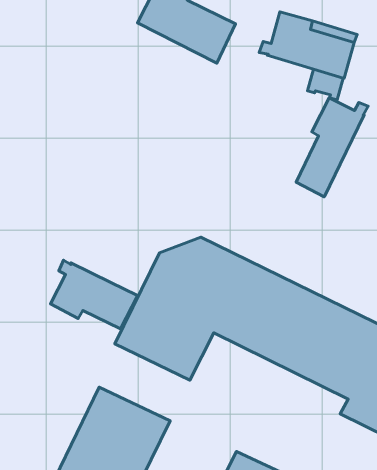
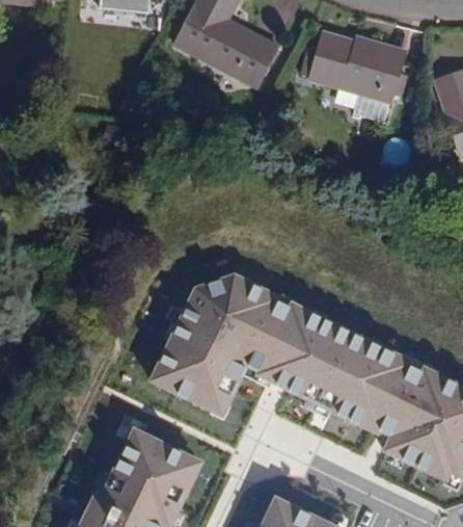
building: [296,98,368,197] -> none
building: [51,260,137,329] -> none

